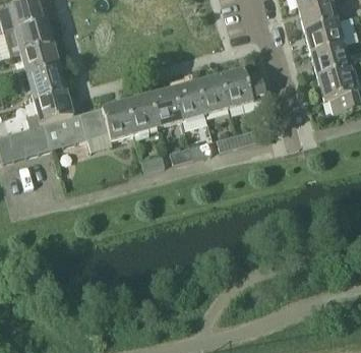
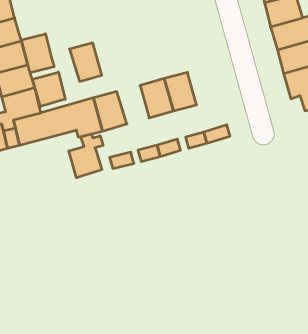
building: none -> [21,34,54,73]
building: [221,68,267,108] -> none
building: none -> [32,72,65,107]
building: [149,89,182,127] -> [69,43,102,81]
building: none -> [69,134,103,178]

